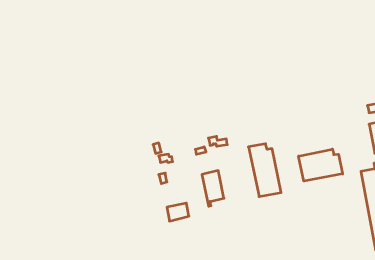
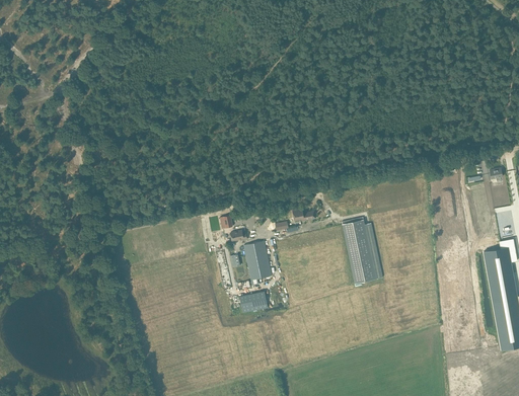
building: [299,149,343,181] -> none
building: [202,171,224,206] -> [244,240,272,285]

